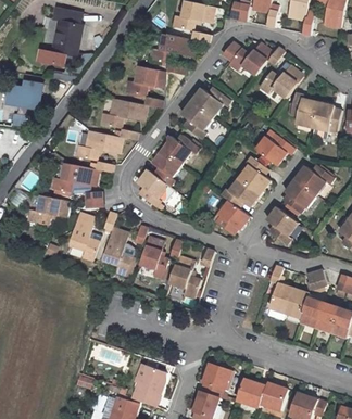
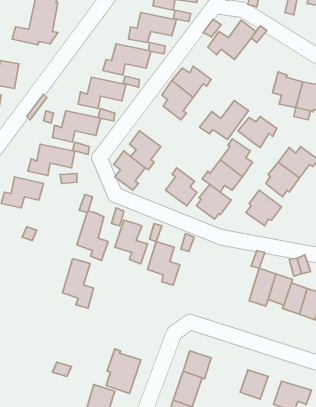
building: [256,64,304,102] -> [199,100,249,140]
building: [161,127,191,164] -> [165,168,197,206]
building: [66,212,97,259] -> [62,259,94,308]
building: [234,377,265,406] -> none

